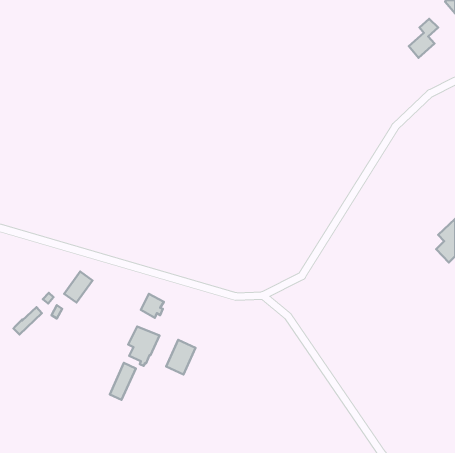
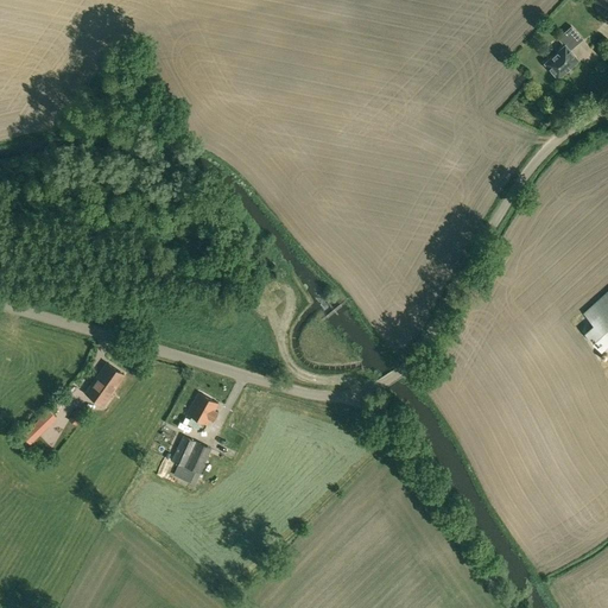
building: [166,340,196,374] -> none
building: [110,363,136,400] -> none

